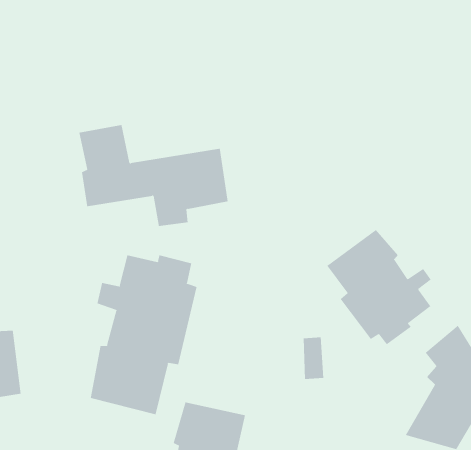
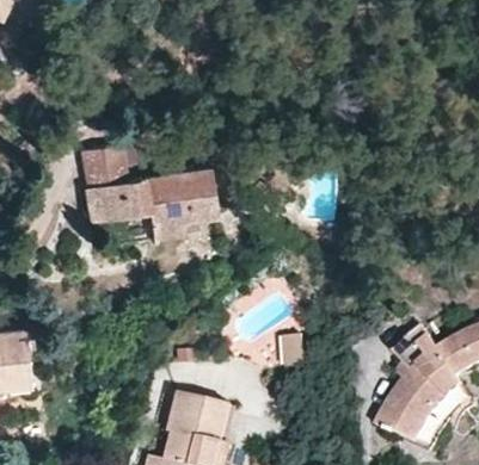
building: [327,229,432,345] -> none
building: [90,254,197,415] -> none

